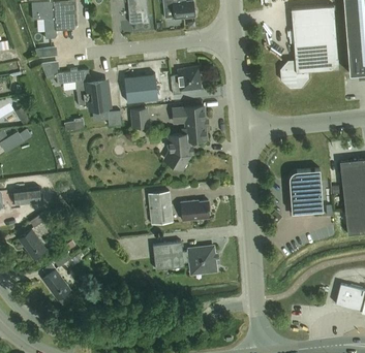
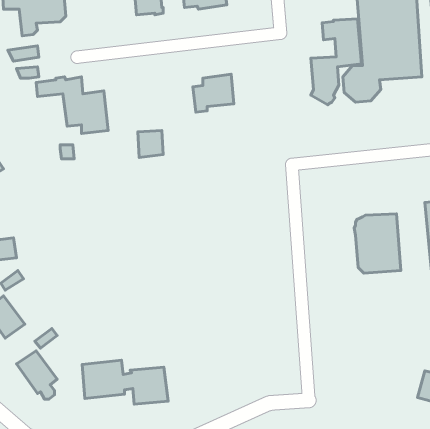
building: [124,74,158,102] -> none
building: [169,106,206,169] -> [311,19,362,105]
building: [148,191,173,224] -> none
building: [181,200,209,221] -> none
building: [153,242,216,274] -> [82,360,168,404]

